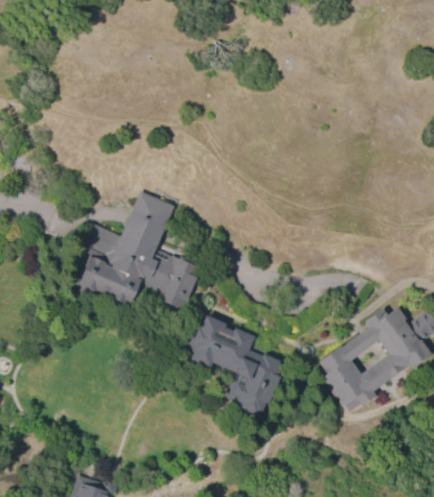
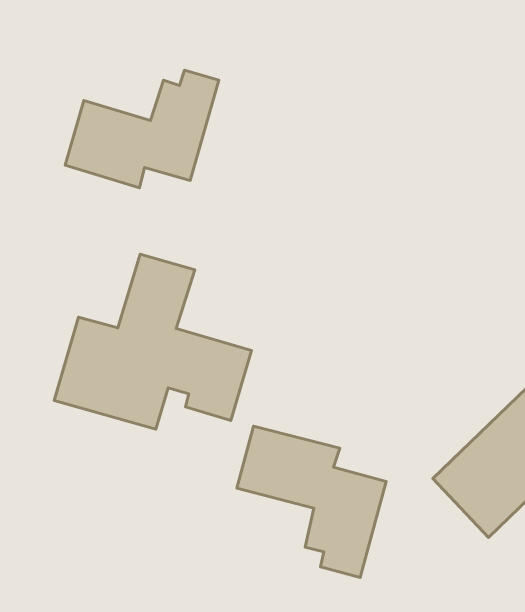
building: none -> [65,70,219,188]

